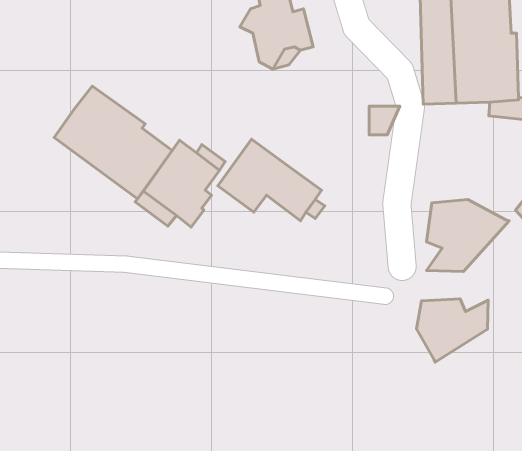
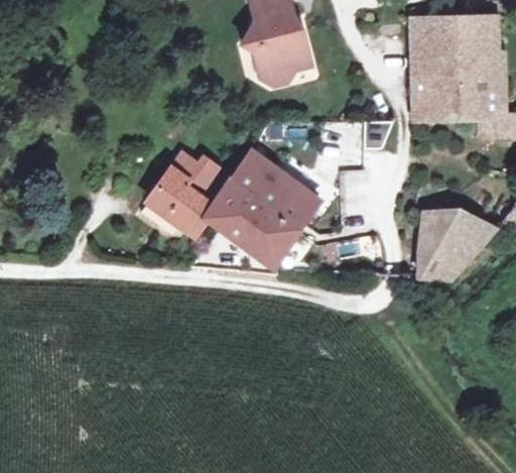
building: [54,86,172,199] -> none
building: none -> [204,195,297,265]
building: [416,299,488,362] -> none

